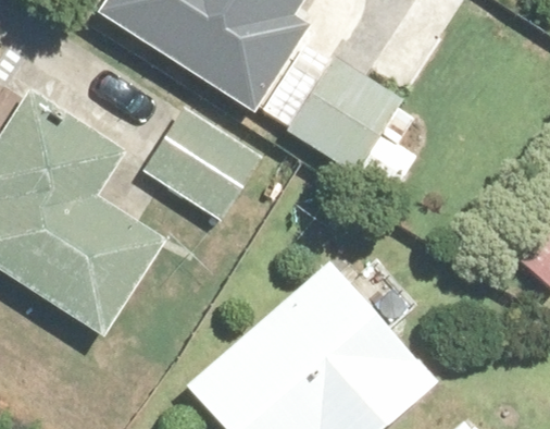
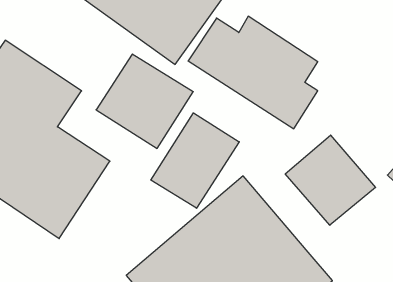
building: none -> [151,113,239,208]
building: none -> [285,135,376,225]

